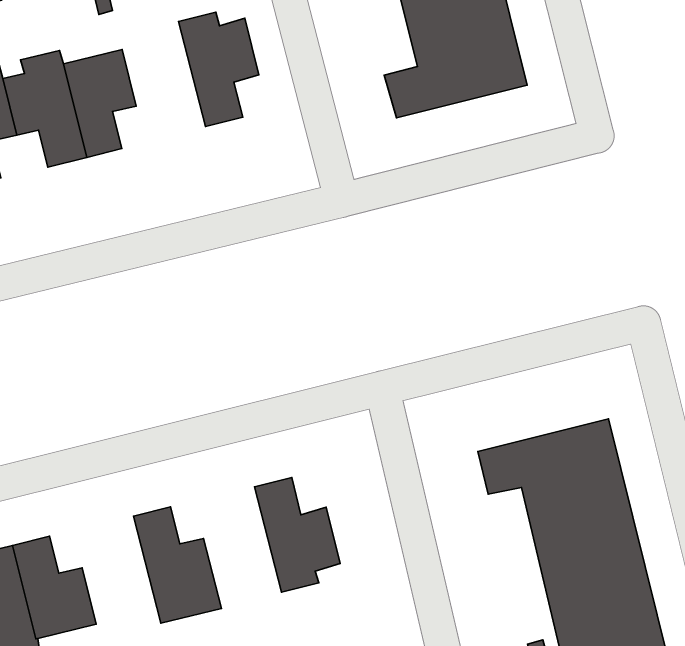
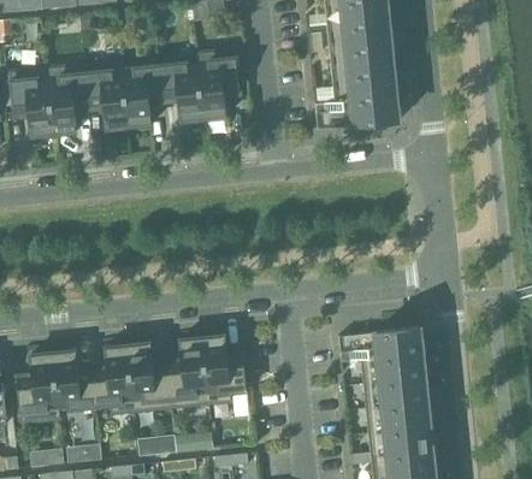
building: none -> [161,54,205,122]
building: none -> [169,338,211,408]
building: none -> [94,345,136,414]

